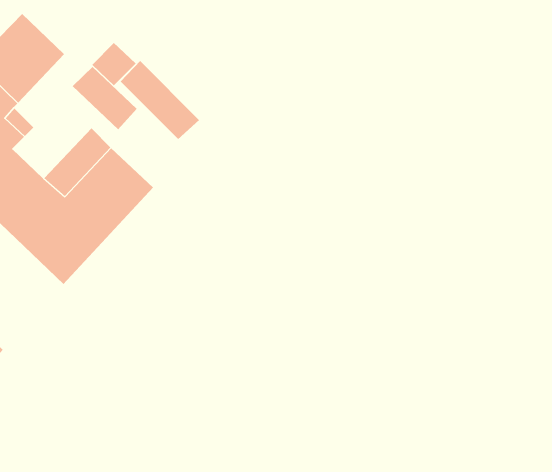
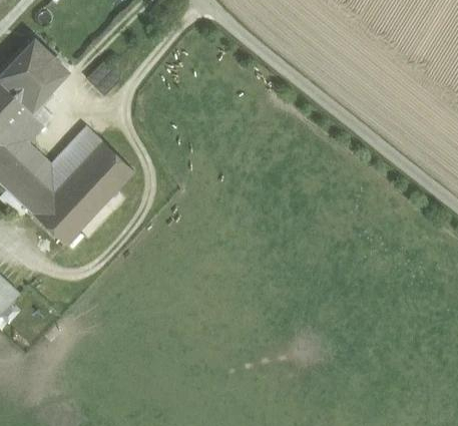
building: [120,60,200,140] -> none
building: [72,66,137,130] -> none

